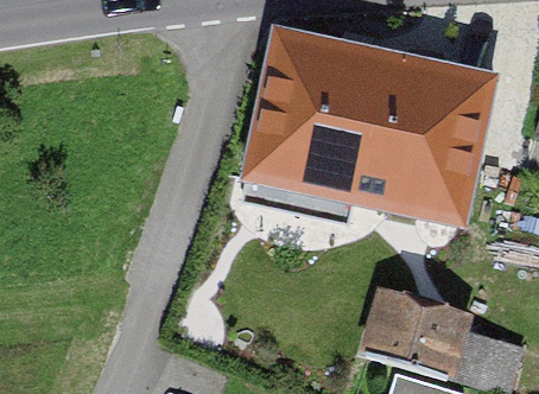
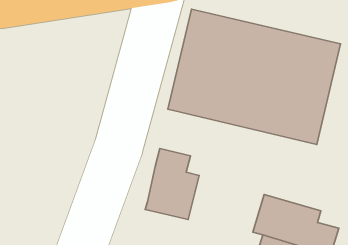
building: none -> [145,149,199,219]

